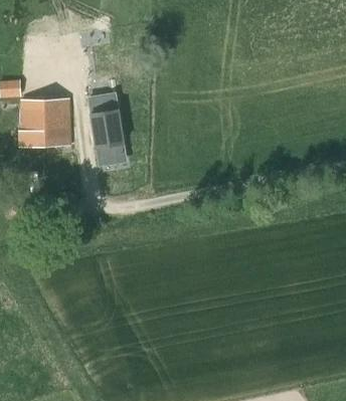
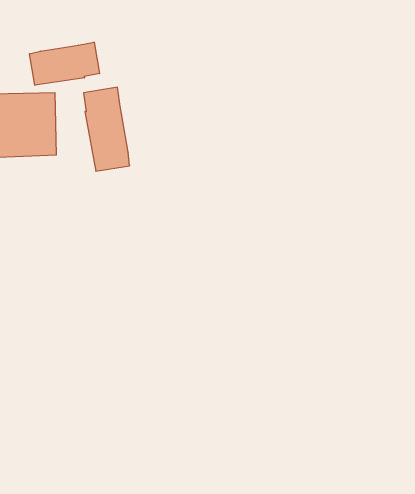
building: none -> [29,42,100,85]

